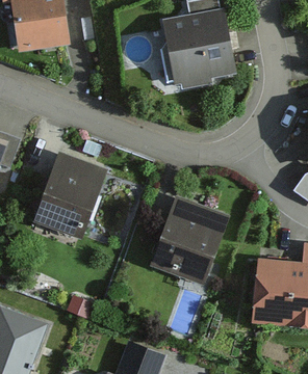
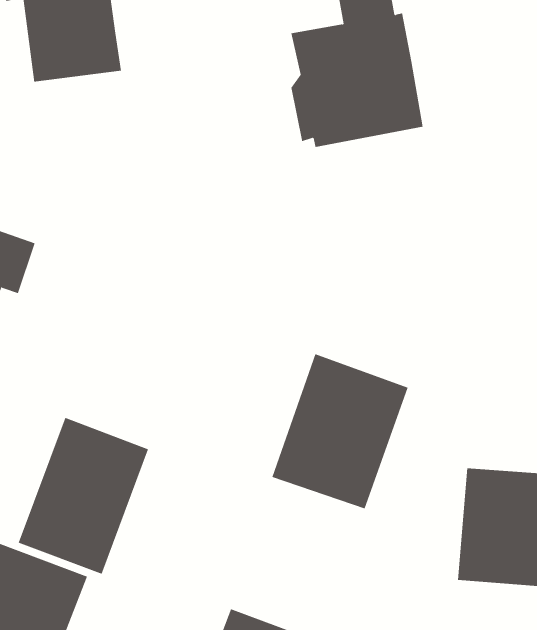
building: [33,152,106,239] -> [18,417,149,575]

